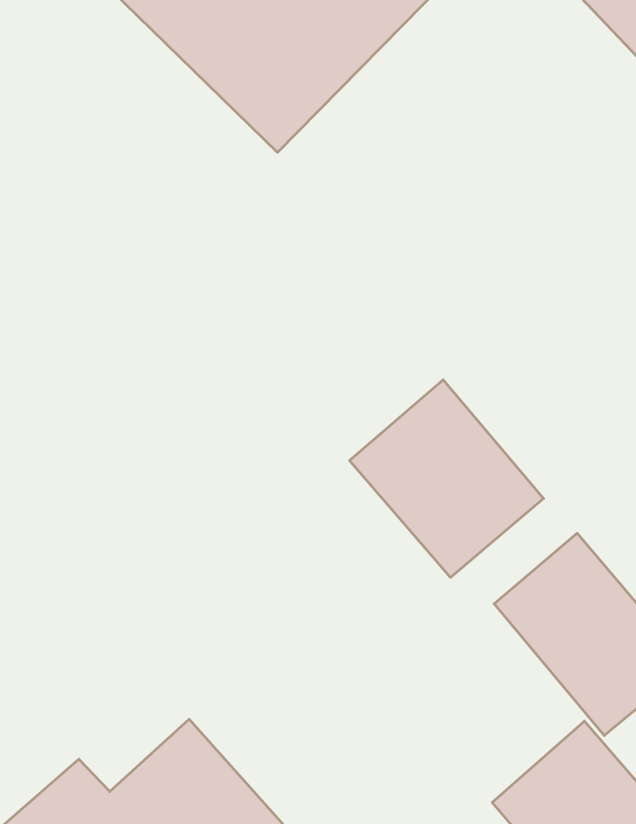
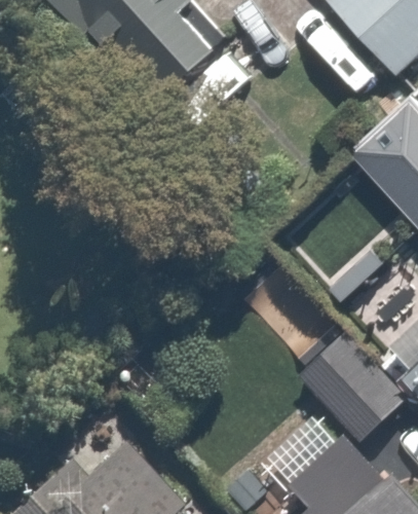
building: [350,380,544,577] -> none

